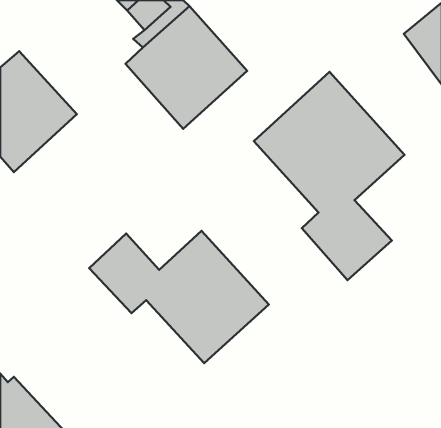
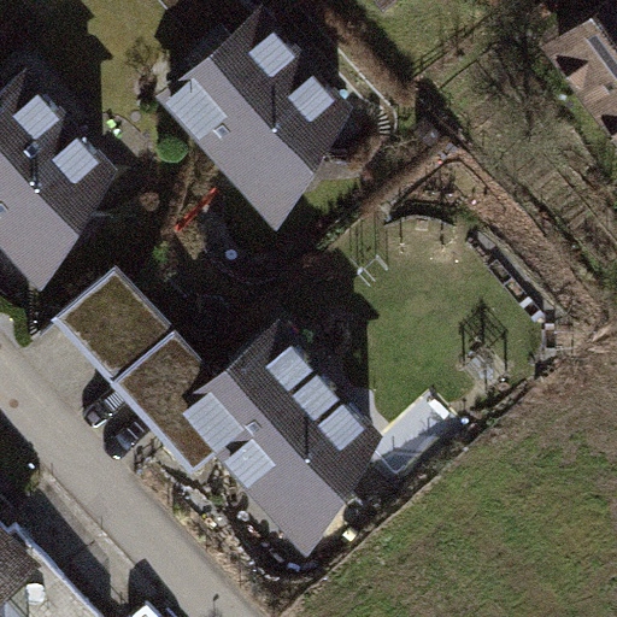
building: [254,72,405,280] -> none
building: none -> [67,281,177,393]

